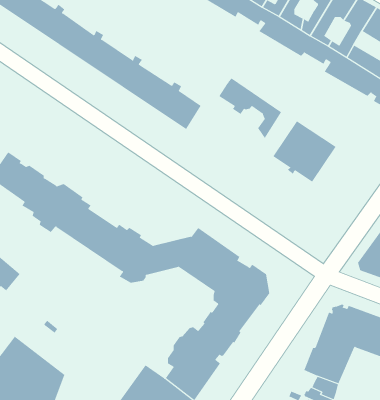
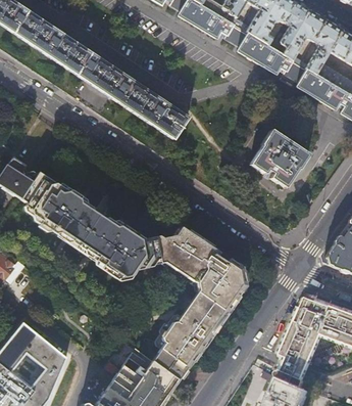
building: [218,77,282,139] -> none

